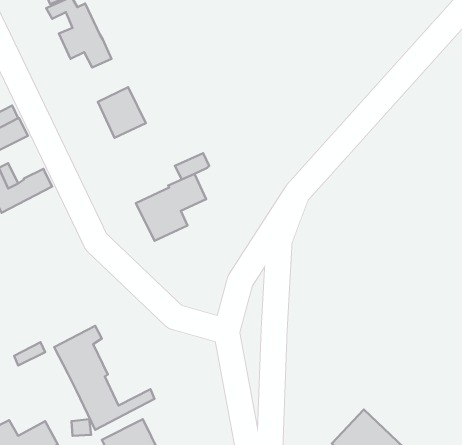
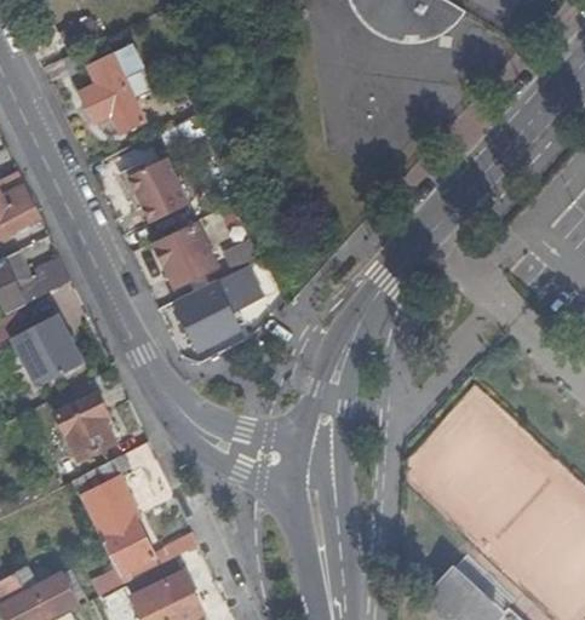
building: none -> [153,223,216,287]
building: none -> [12,314,84,386]
building: none -> [53,389,113,457]

